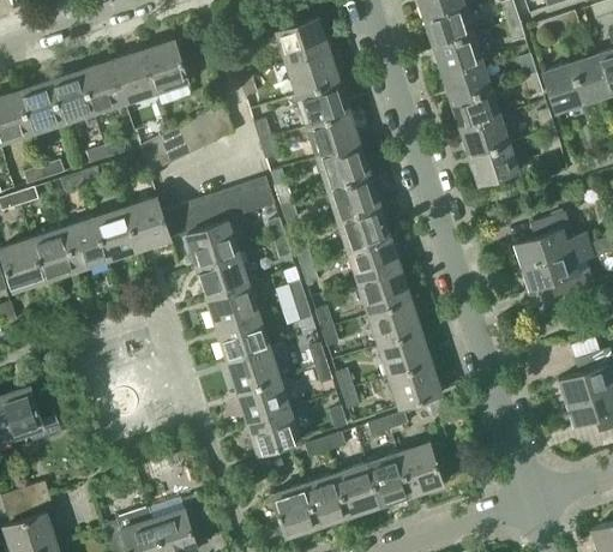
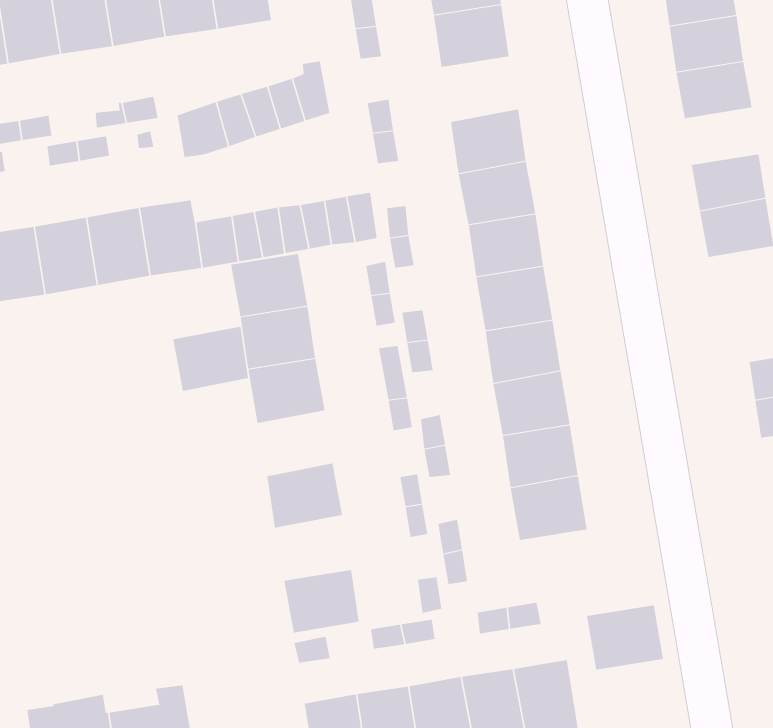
building: [296,80,348,126] -> none
building: [450,89,499,130] -> none
building: [217,314,268,360] -> [172,326,249,391]
building: [389,362,440,408] -> [586,605,664,670]
building: [238,377,289,422] -> none

